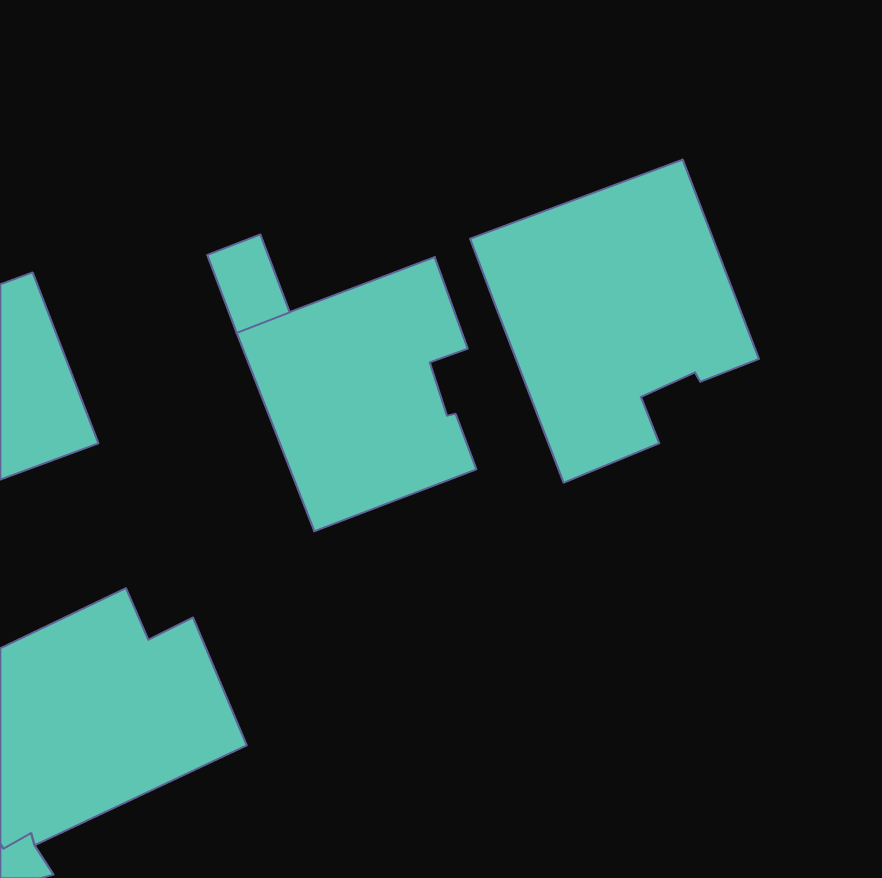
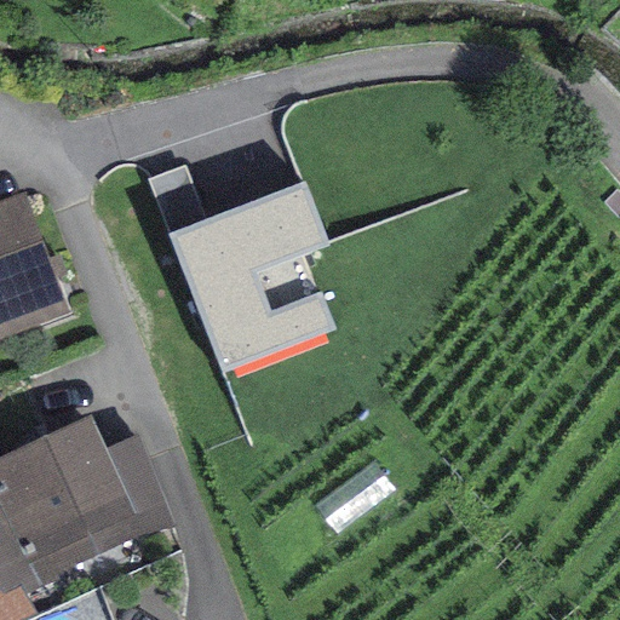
building: [470,159,759,483] -> none

